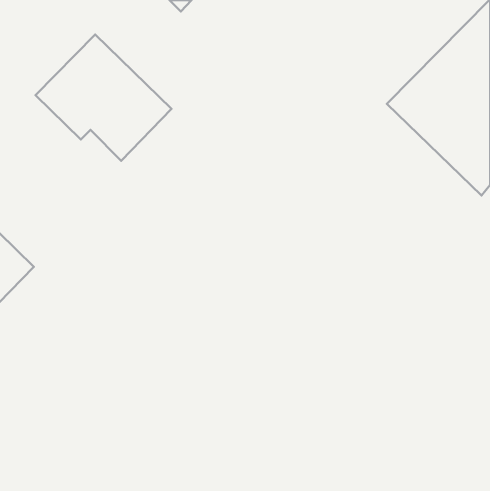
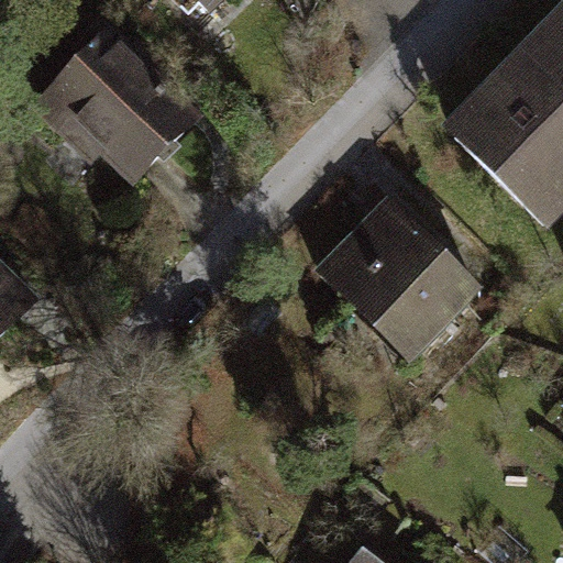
building: none -> [316,196,485,365]

